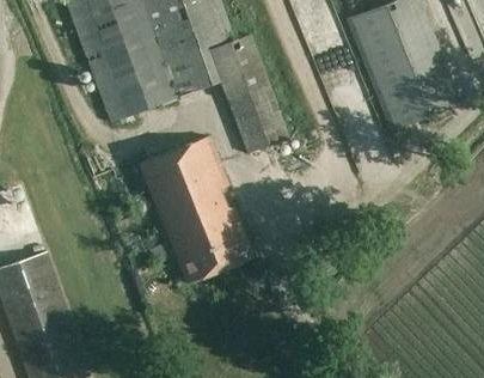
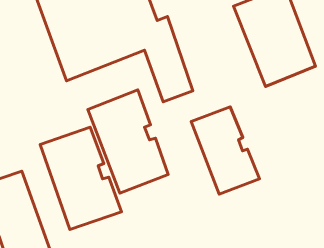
building: none -> [191,107,259,194]
building: none -> [40,127,121,229]

